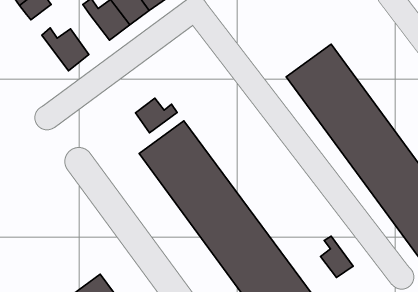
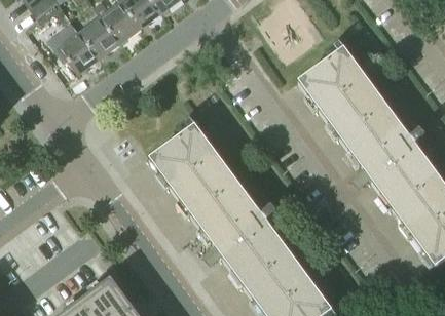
building: none -> [81,16,120,56]
building: [136,98,177,133] -> none
building: [321,236,353,277] -> none

